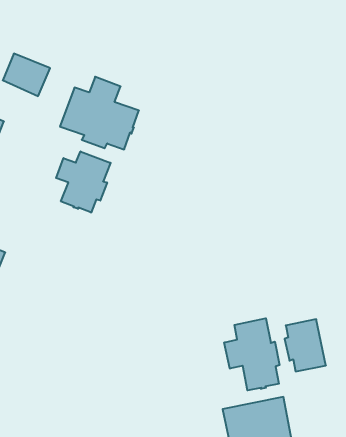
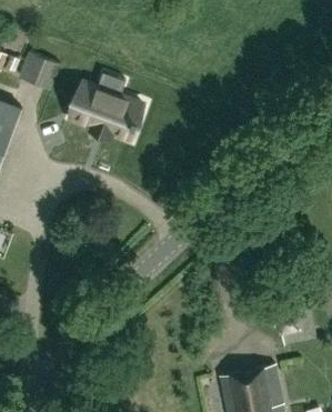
building: [56,151,111,213] -> none
building: [224,318,280,390] -> none

